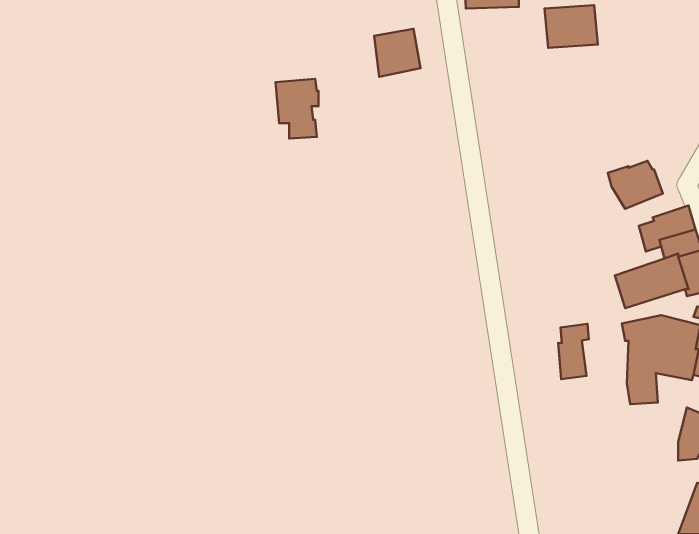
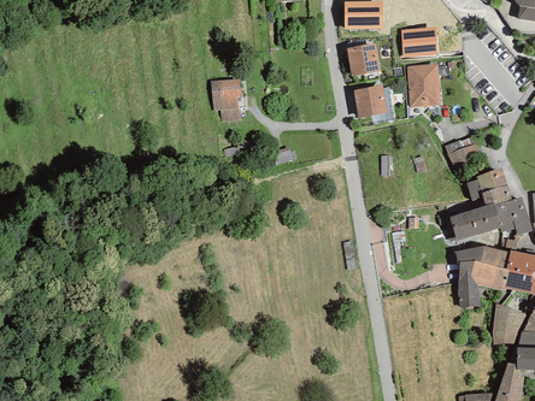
building: [374,29,420,77] -> [347,42,380,76]
building: none -> [407,64,440,106]
building: none -> [353,84,387,117]
building: [558,324,589,379] -> none

